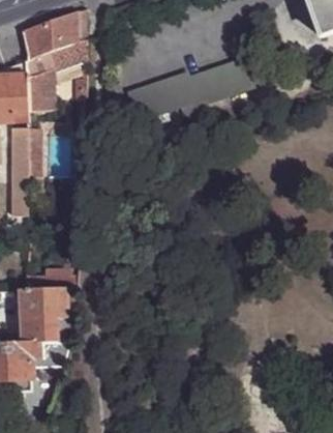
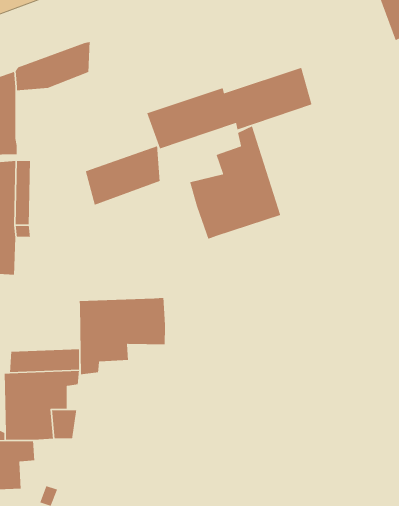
building: [22,10,80,57] -> [85,145,161,206]
building: [28,74,56,112] -> none
building: none -> [189,125,281,240]
building: none -> [79,297,166,375]

